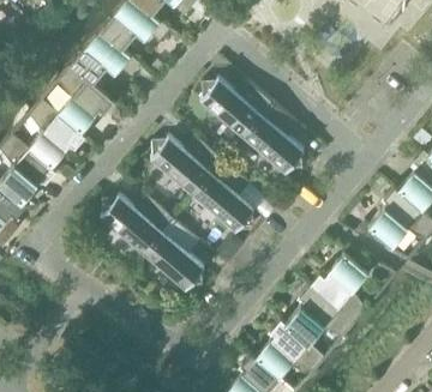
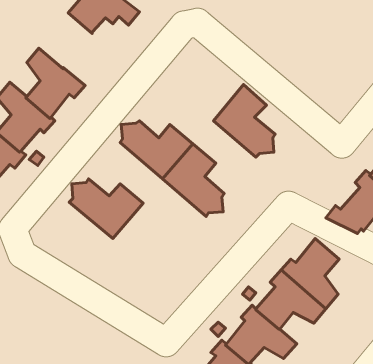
building: [70,32,139,88] -> none
building: [199,80,272,139] -> none
building: [143,221,204,291] -> none

